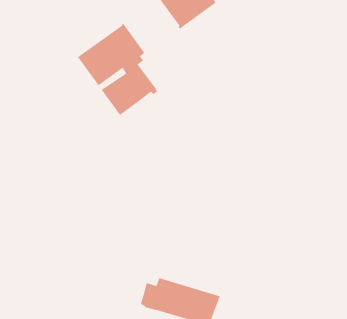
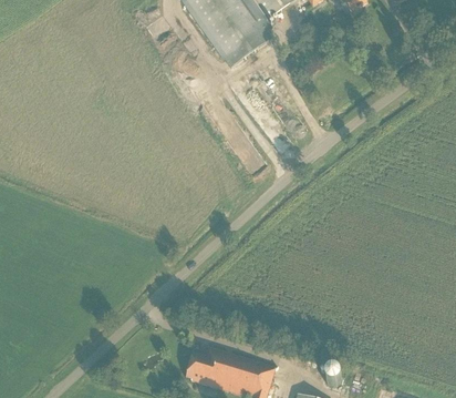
building: [77,23,158,116] -> none

